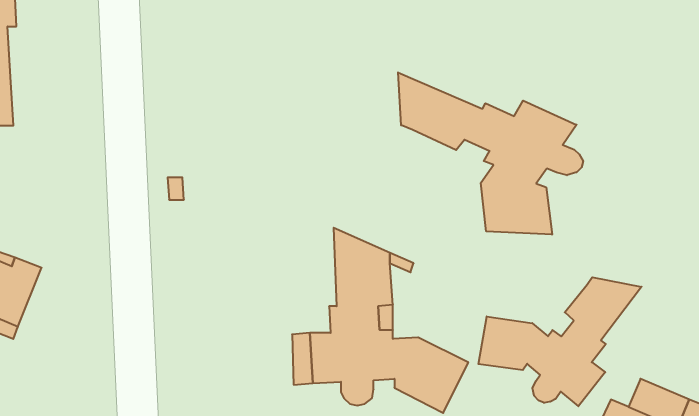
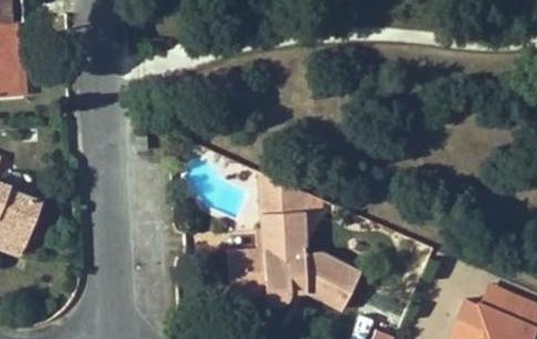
building: [398,72,583,235] -> none
building: [478,277,642,406] -> none

